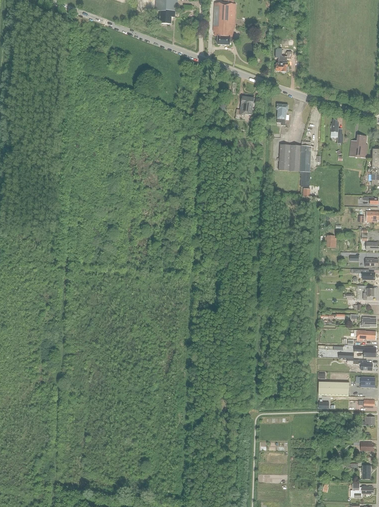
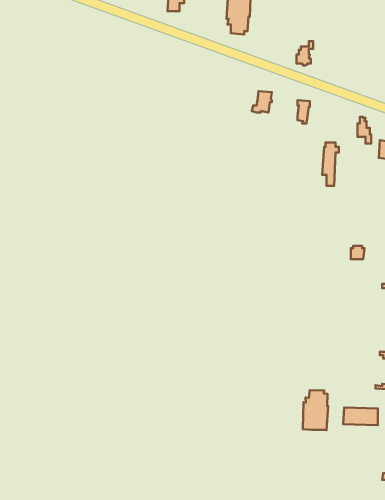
building: [277,144,301,170] -> none
building: none -> [303,390,328,430]

